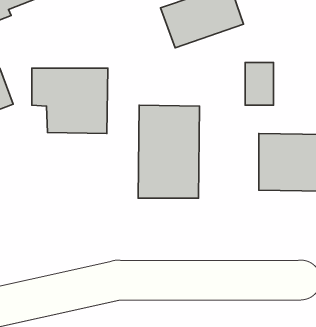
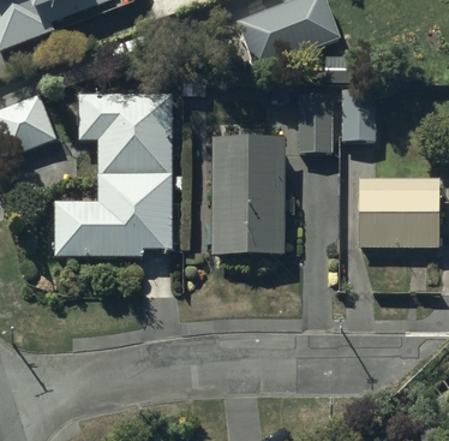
building: none -> [297,93,334,151]
building: none -> [55,173,172,257]

